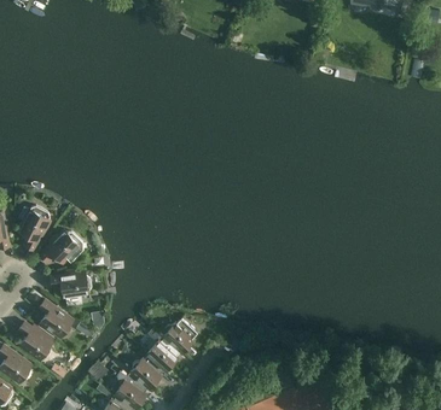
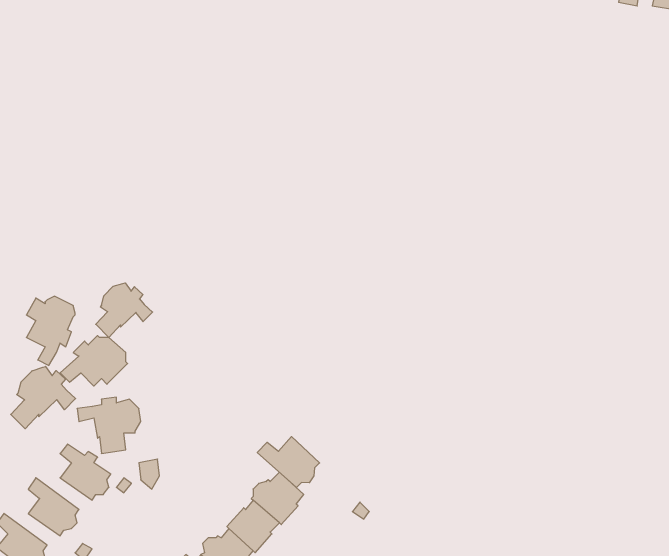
building: none -> [96,283,153,337]
building: none -> [11,366,76,429]
building: none -> [257,437,320,488]

